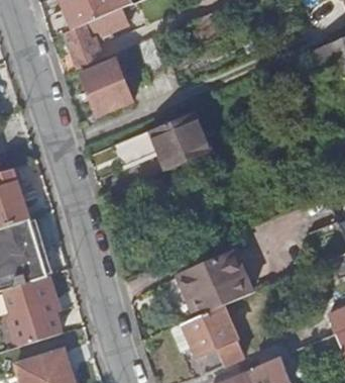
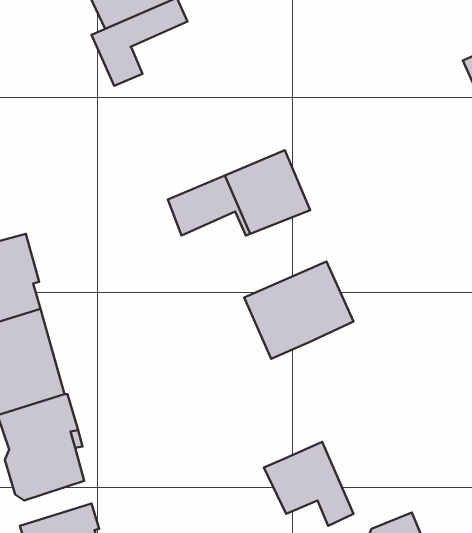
building: [82,55,134,115] -> none
building: [176,254,249,319] -> [244,262,354,359]

